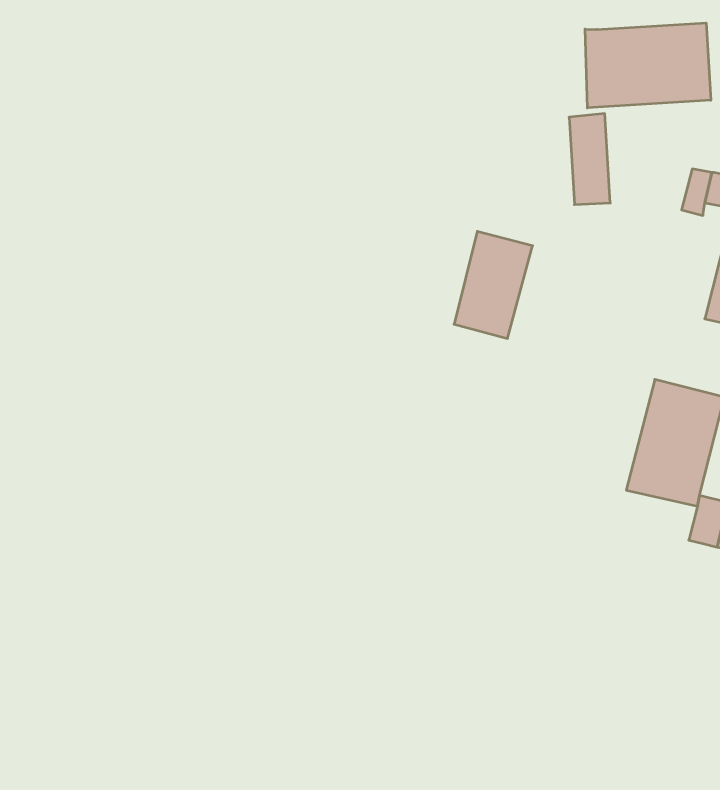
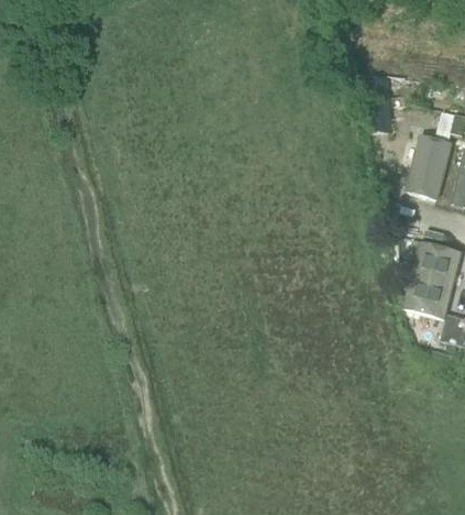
building: [585,23,711,108] -> none
building: [454,231,533,338] -> [406,134,454,200]

